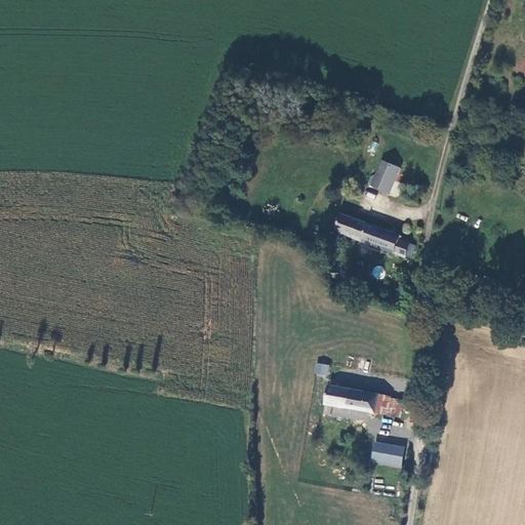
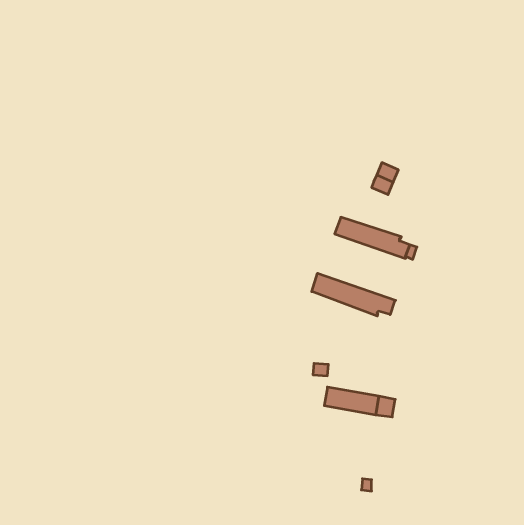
building: none -> [312,273,396,316]
building: [373,445,400,463] -> none

